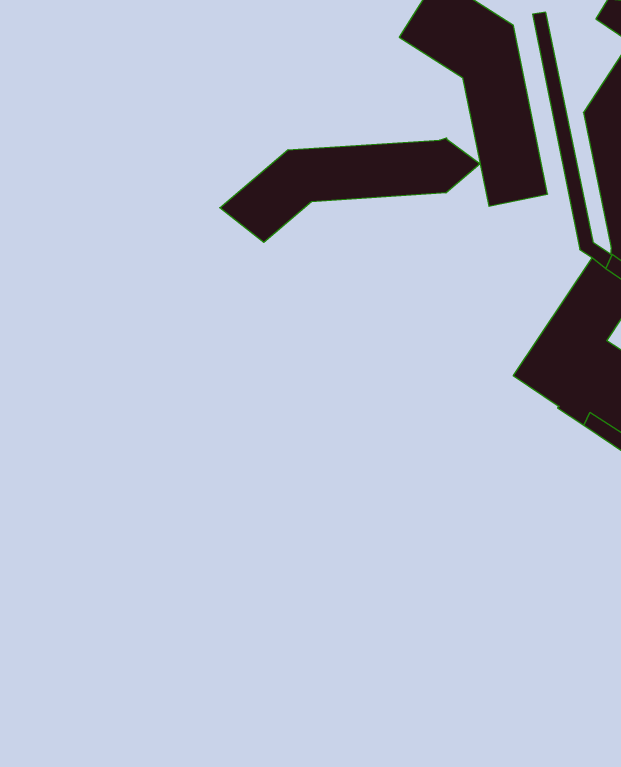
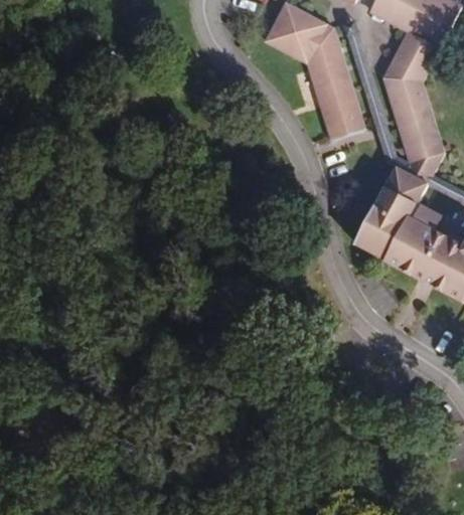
building: [220,138,480,242] -> none

